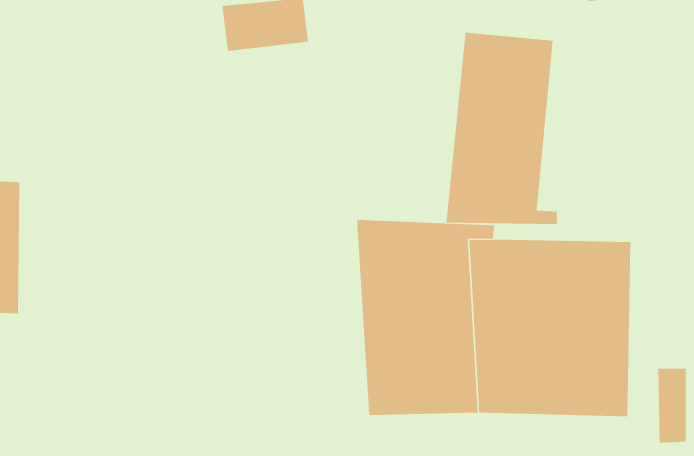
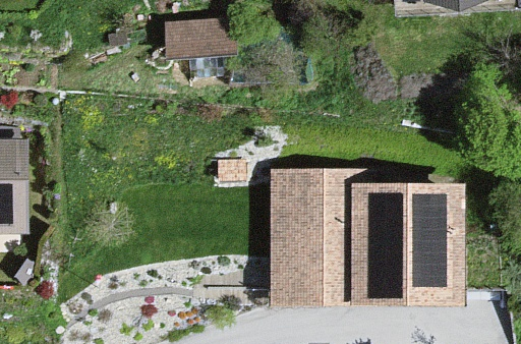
building: [446,32,558,225] -> none

